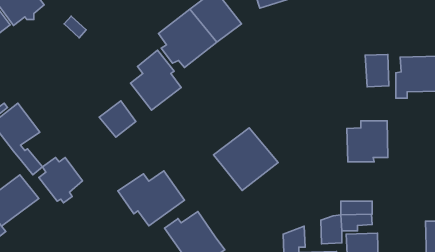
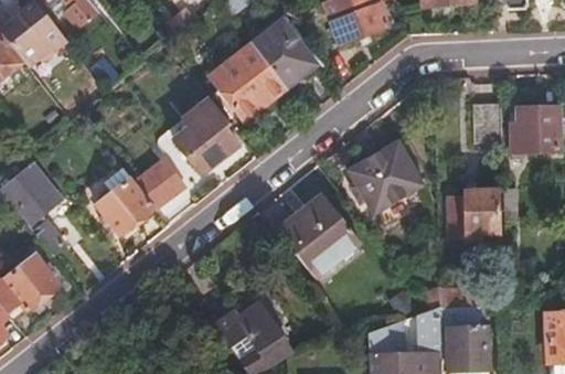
building: none -> [350,141,425,212]
building: [39,157,83,203] -> [96,180,151,237]
building: [118,171,185,226] -> none

